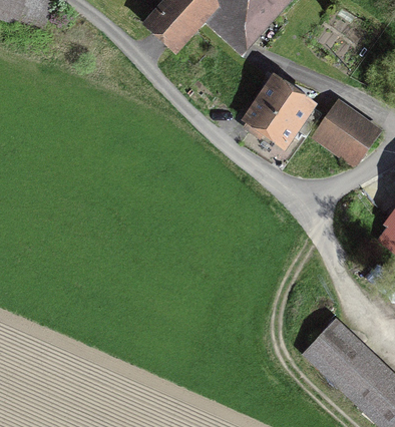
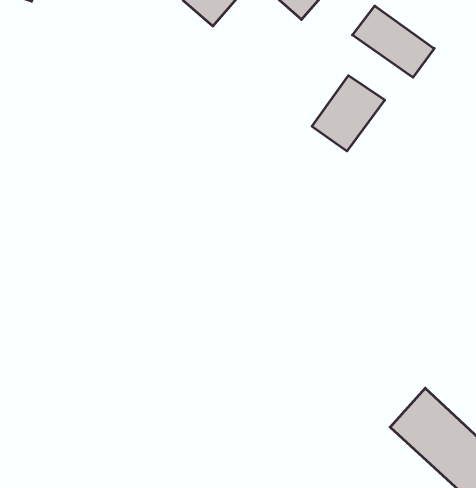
building: none -> [352,6,434,77]
building: [316,106,370,159] -> none

